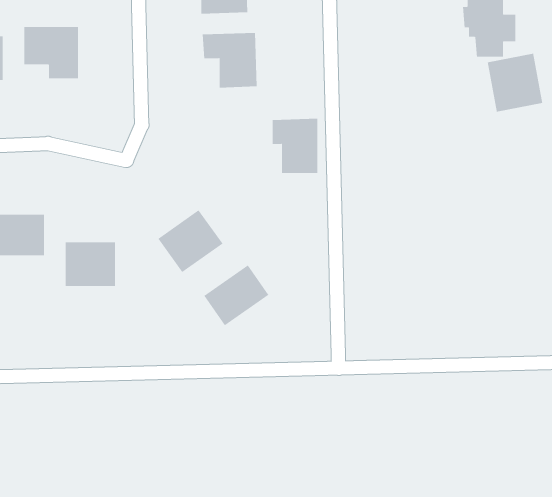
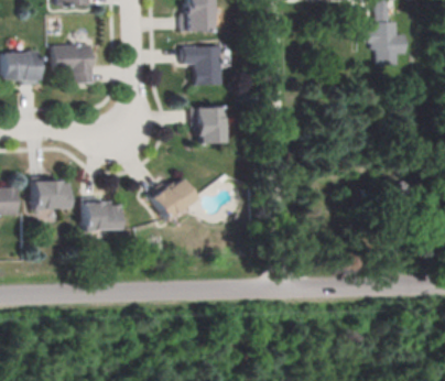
building: [487,53,543,113] -> none
building: [272,118,318,174] -> [192,109,225,149]
building: [203,265,269,326] -> none

